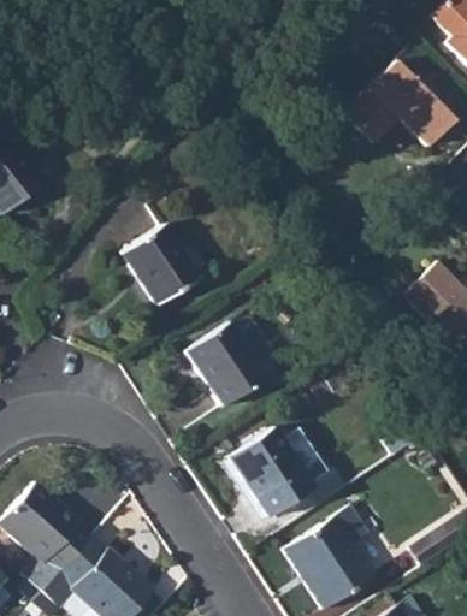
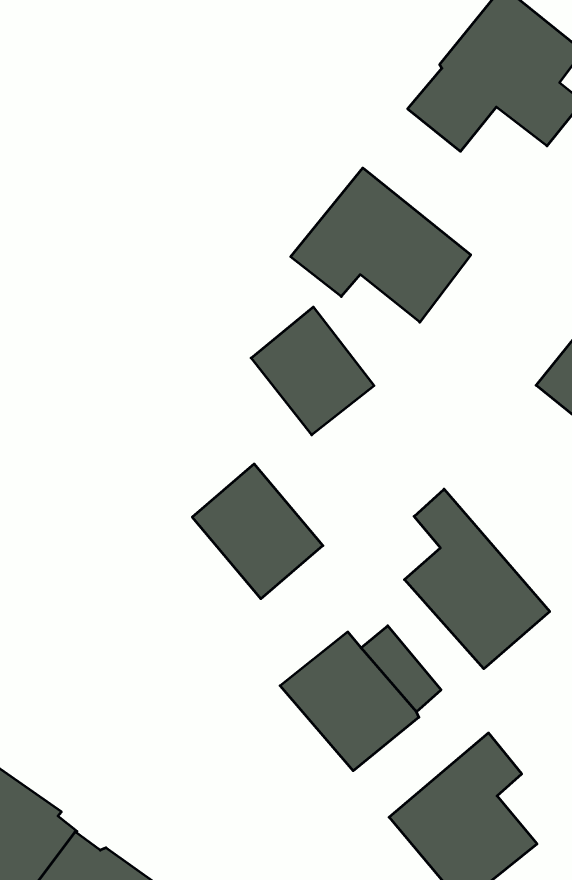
building: none -> [291,168,471,322]
building: [119,227,194,307] -> [251,307,374,435]
building: none -> [404,489,550,669]

